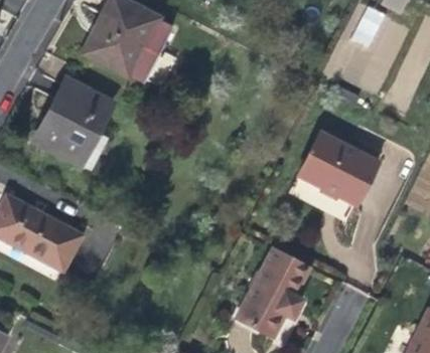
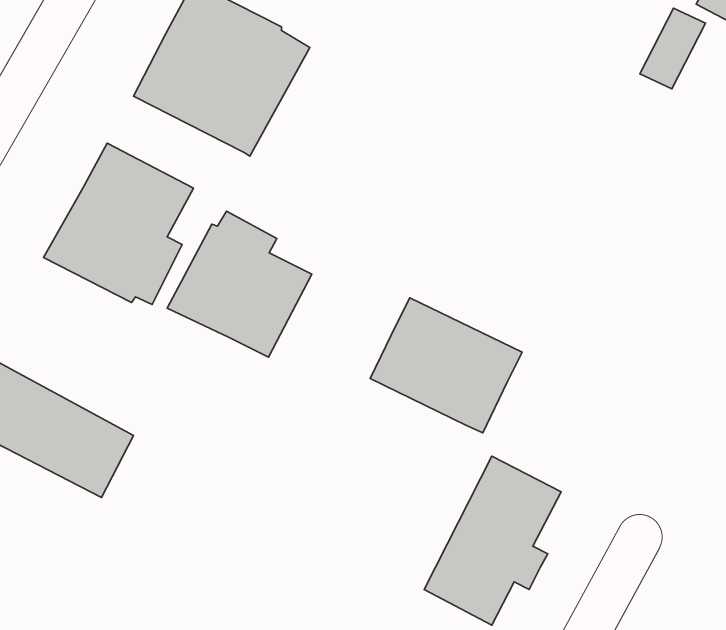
building: none -> [167,211,312,357]
building: [296,131,378,203] -> [370,298,522,433]

